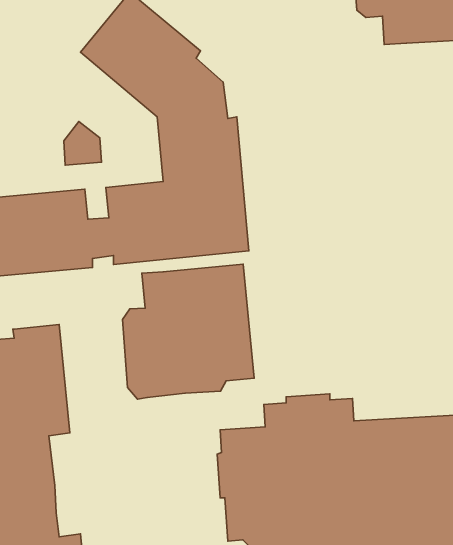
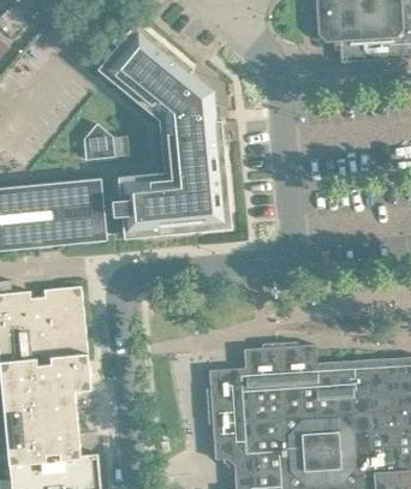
building: [123,264,254,399] -> none

